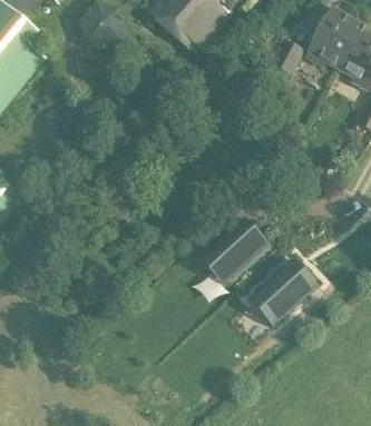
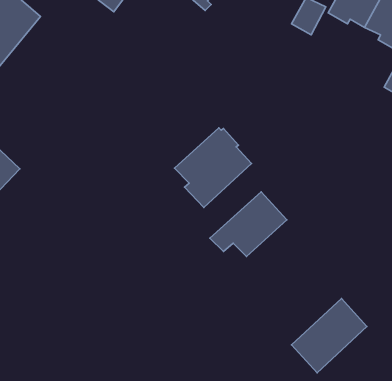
building: none -> [174,128,251,208]
building: [250,259,319,327] -> [291,299,367,373]

